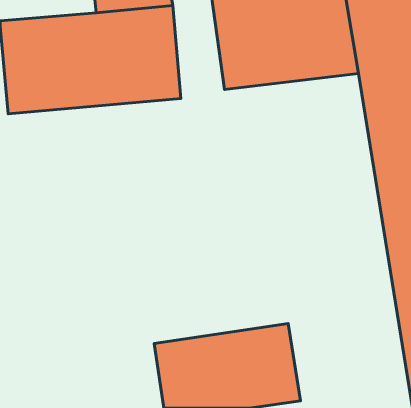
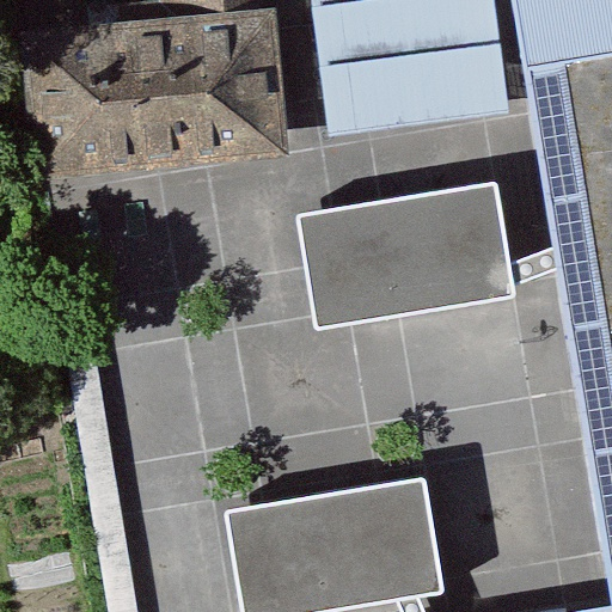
building: none -> [304,183,519,328]

